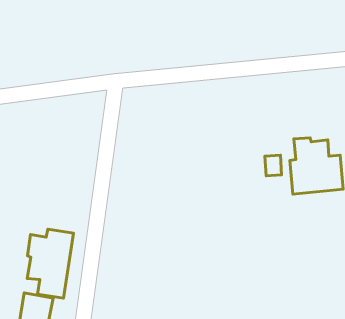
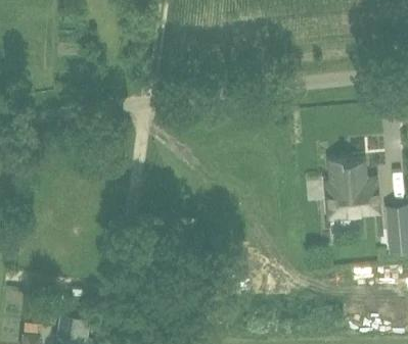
building: [27,229,74,298] -> none

